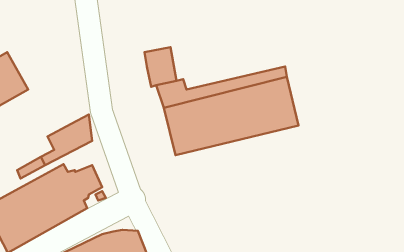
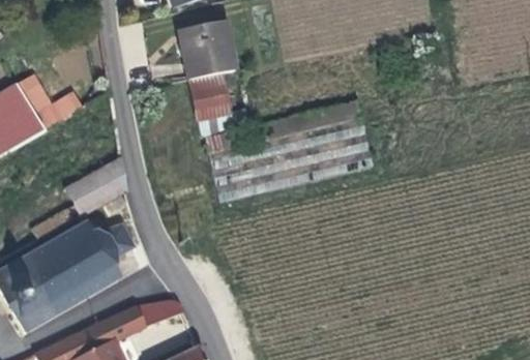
building: none -> [179,25,232,83]
building: none -> [18,72,83,130]

